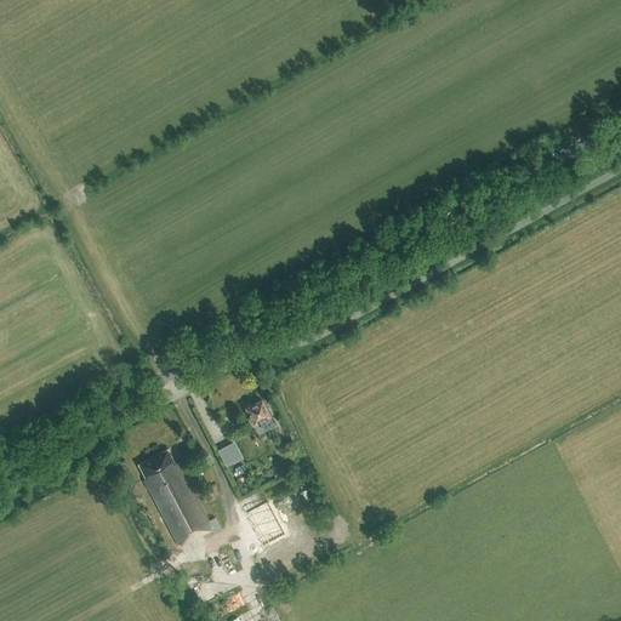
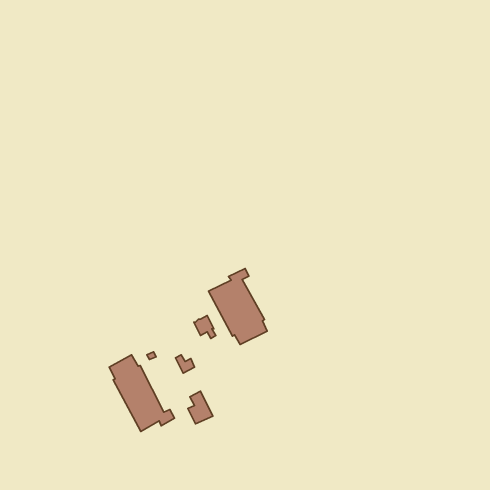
building: none -> [209,268,267,345]

